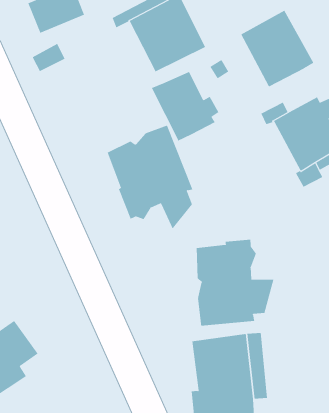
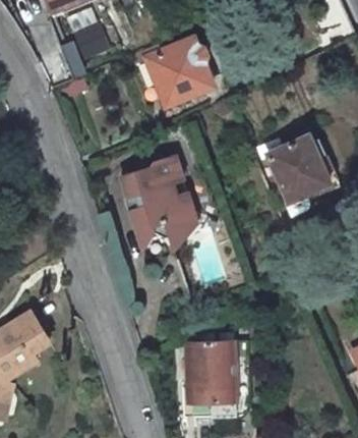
building: [240,10,314,87] -> none
building: [152,71,219,141] -> none
building: [196,239,274,326] -> none

